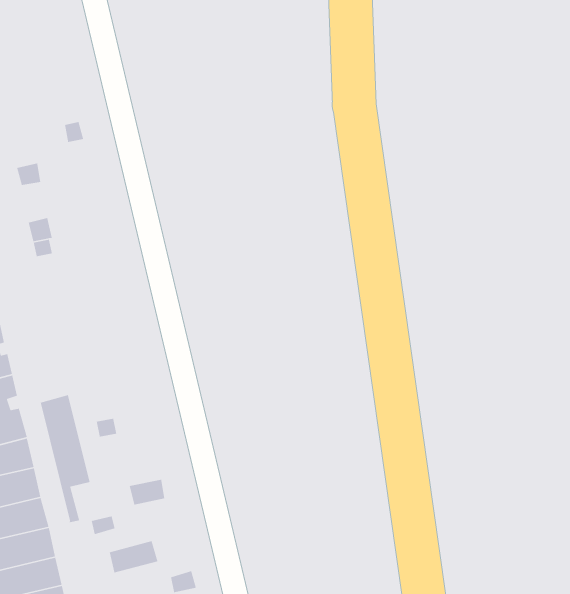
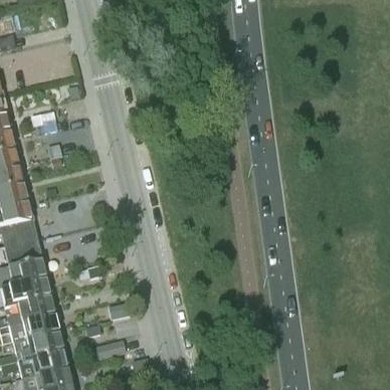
building: [40,394,91,523] -> none

